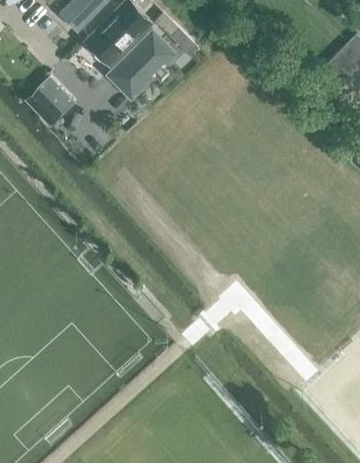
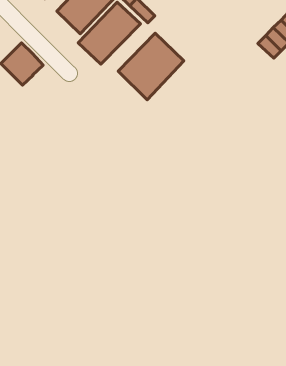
building: none -> [118,33,184,100]

